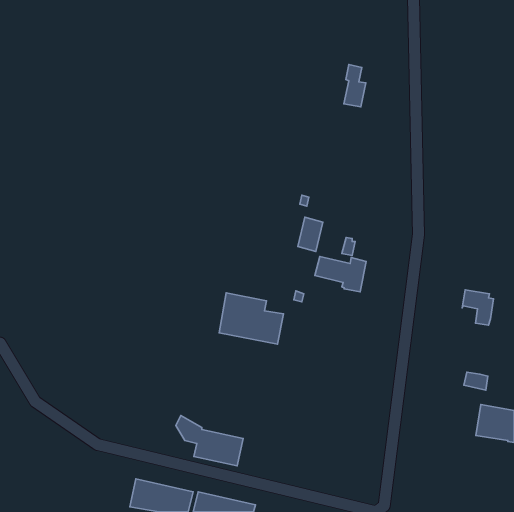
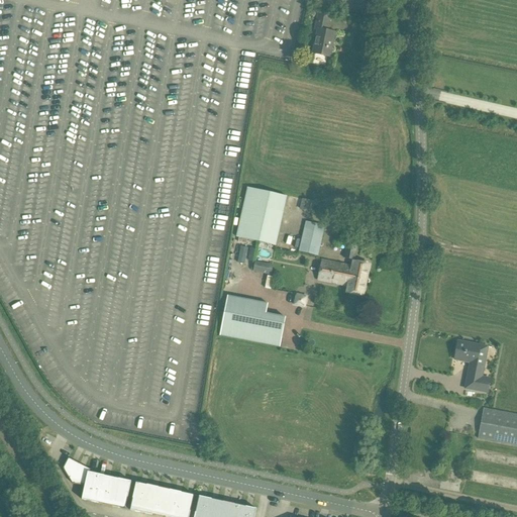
building: [344,65,366,107] -> [312,12,334,55]
building: none -> [236,186,287,244]
building: [462,290,493,325] -> [455,340,487,376]
building: [176,415,243,466] -> [64,456,131,507]

